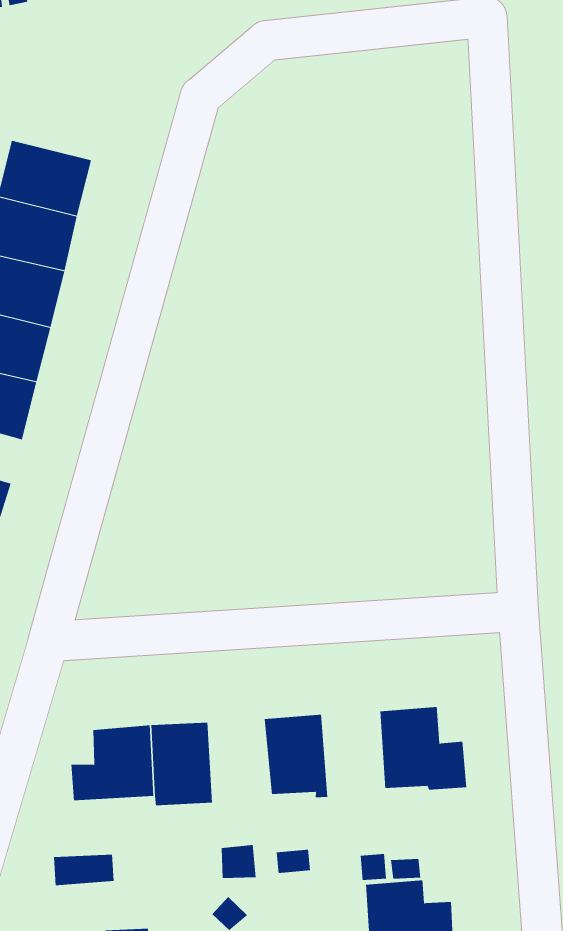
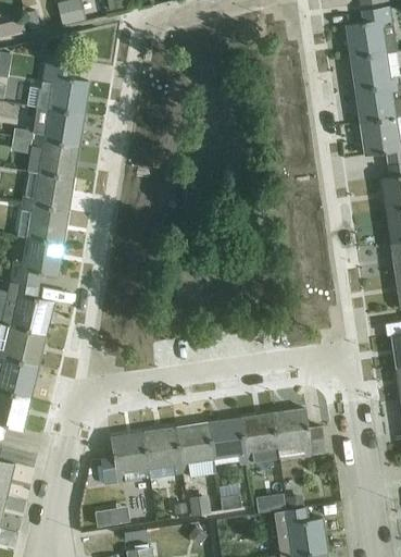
building: none -> [37,54,89,113]
building: none -> [240,412,279,463]
building: none -> [176,422,215,472]

